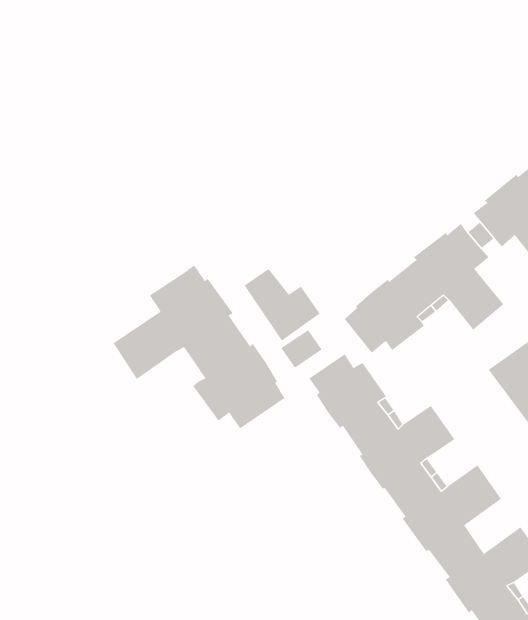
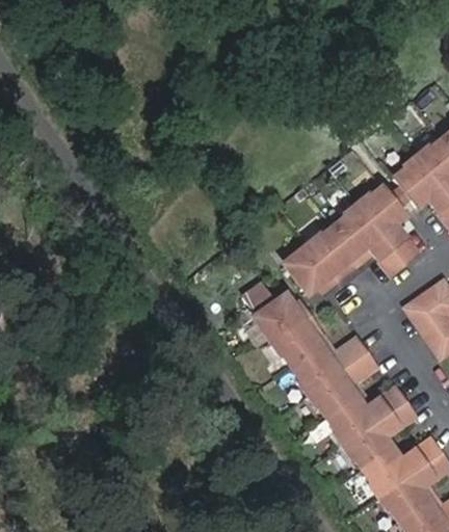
building: [113,264,285,429] -> none
building: [244,268,321,342] -> none

